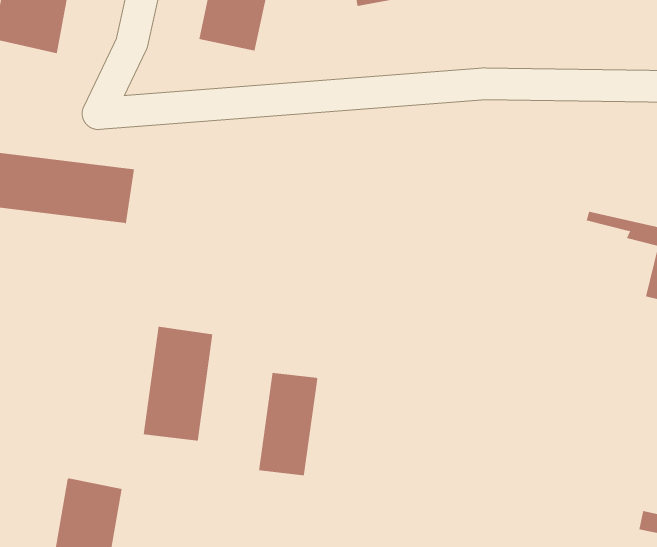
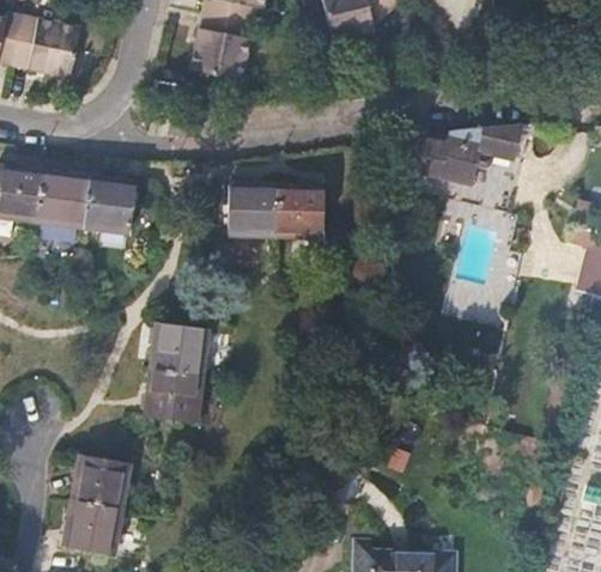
building: none -> [409,123,541,184]
building: none -> [229,183,323,239]
building: [259,372,318,476] -> none

